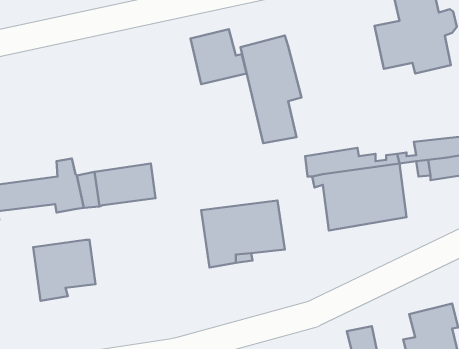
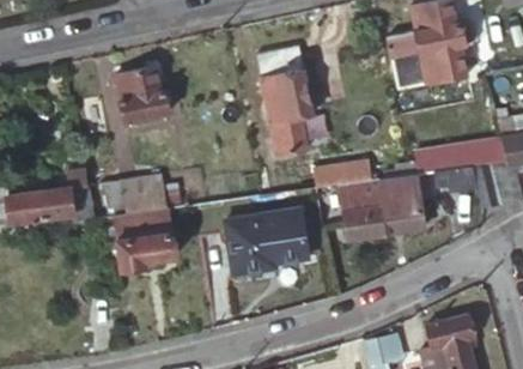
building: [190,29,247,84] -> [117,65,174,120]
building: [33,240,95,301] -> [120,208,182,270]

